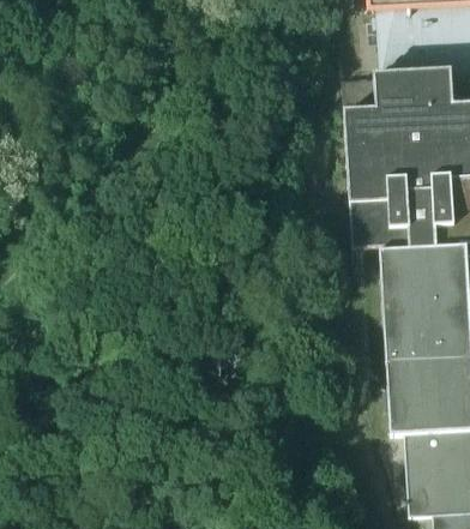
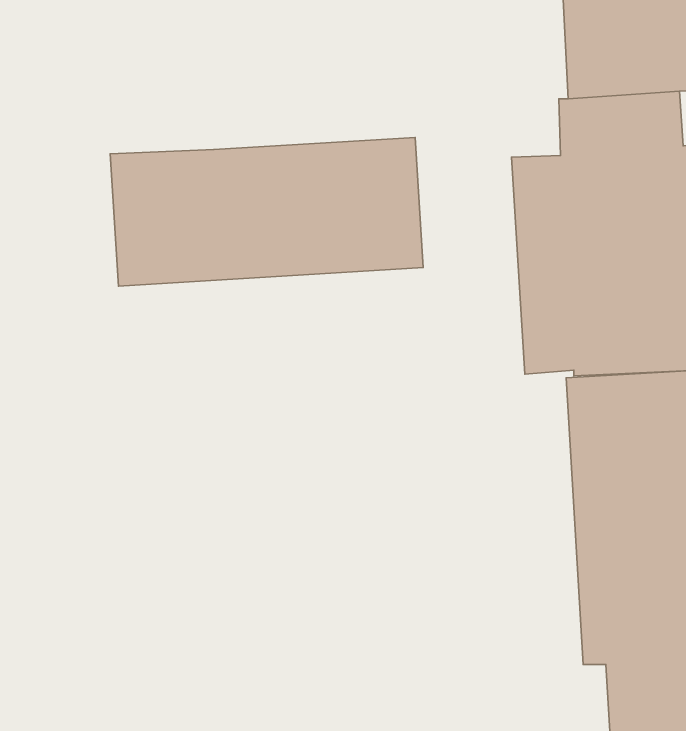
building: none -> [110,137,423,286]

